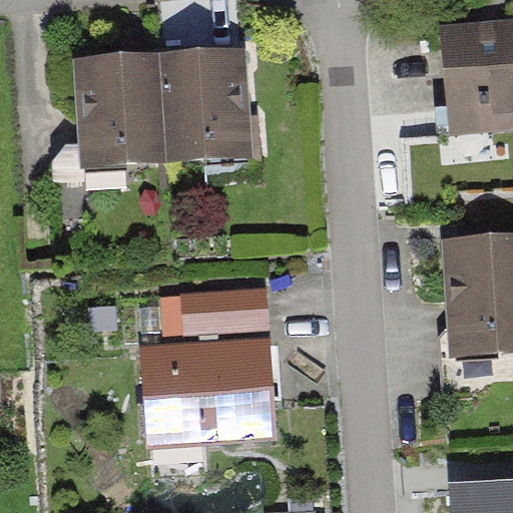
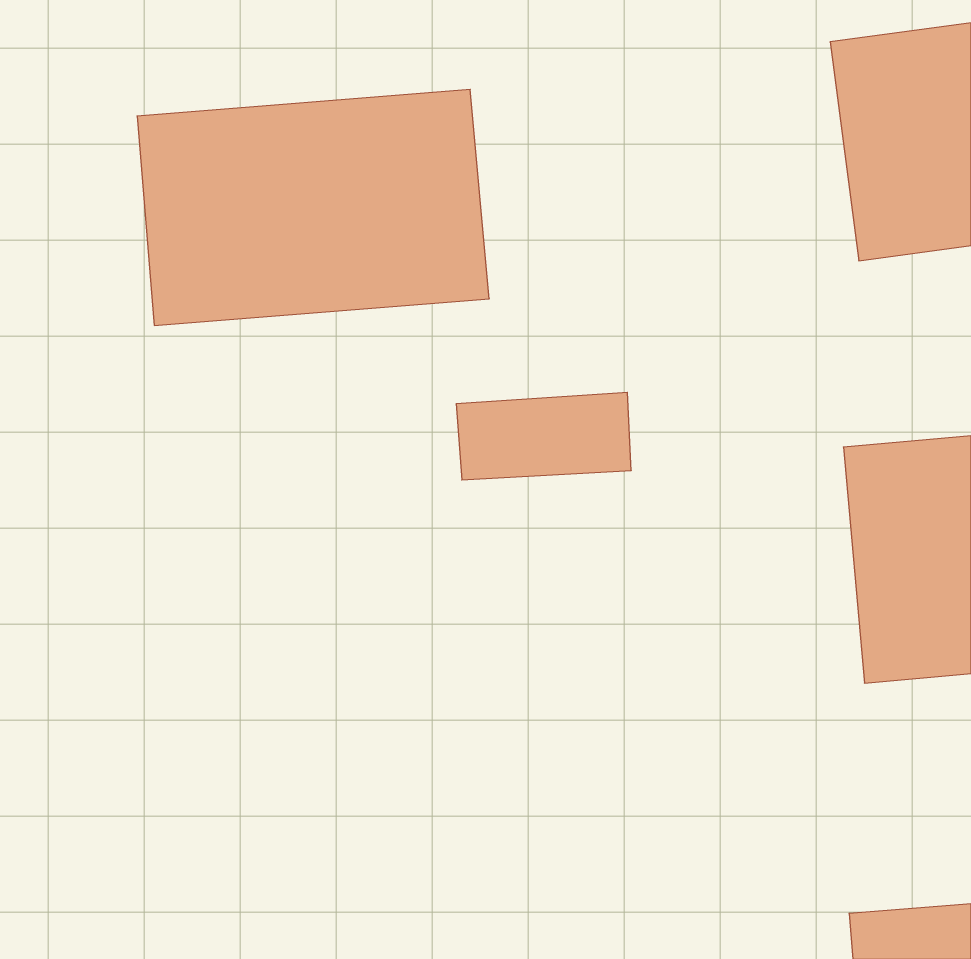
building: [178,281,271,327] -> [456,392,631,480]
building: [140,335,280,447] -> none

